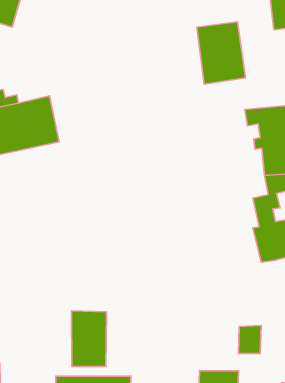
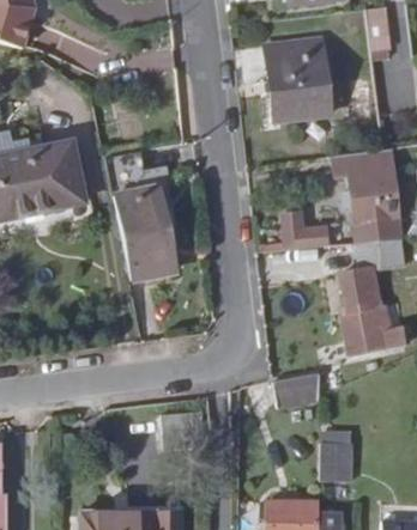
building: none -> [105,147,176,278]
building: none -> [284,211,332,246]
building: none -> [272,371,321,409]
building: [71,311,106,366] -> none

